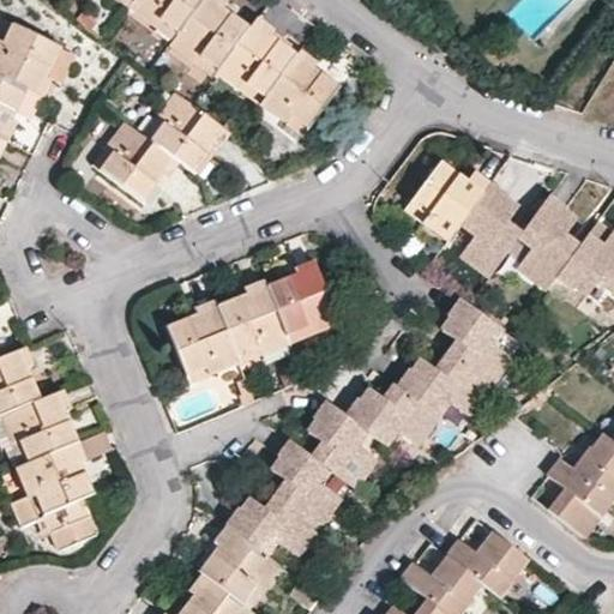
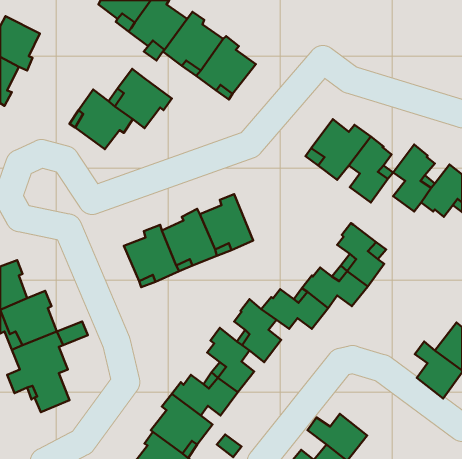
building: [451,528,534,594] -> none

